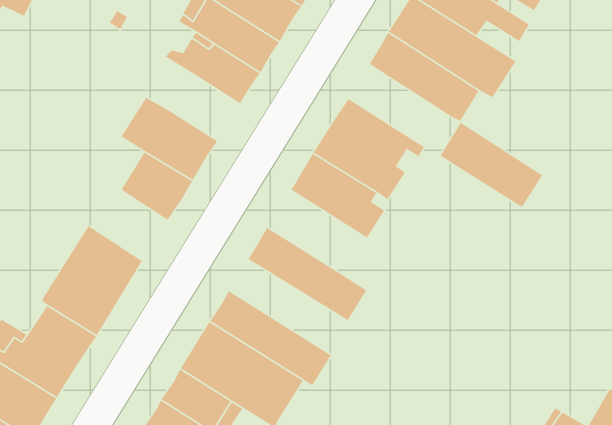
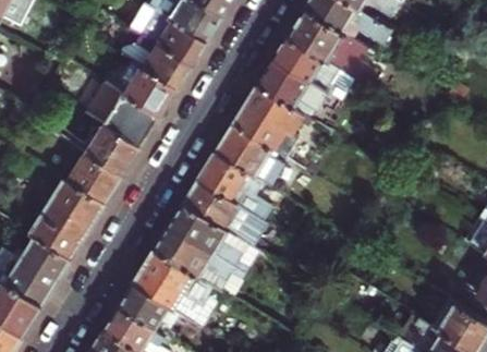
building: none -> [125,63,178,113]
building: [440,122,543,208] -> [257,57,333,120]
building: none -> [71,149,124,202]
building: none -> [197,149,272,214]
building: none -> [169,201,259,271]

